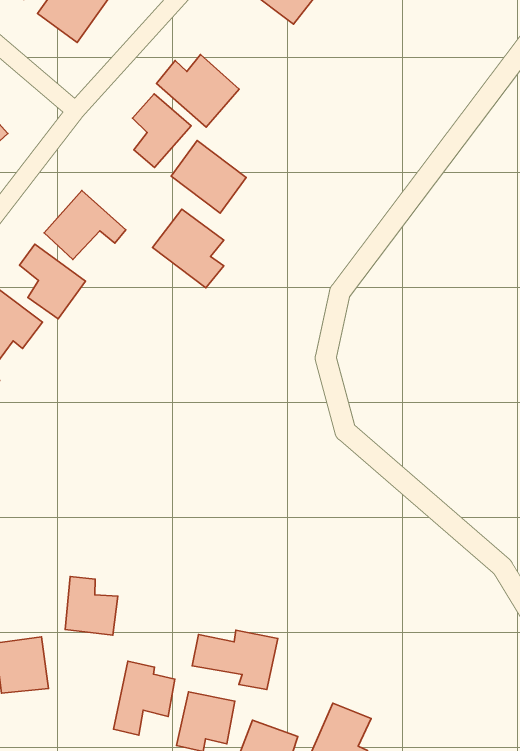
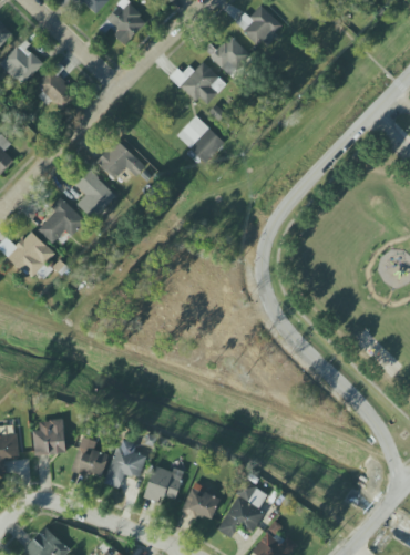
building: none -> [211,35,249,75]
building: [132,94,191,167] -> none
building: [152,209,224,288] -> none
building: [65,577,118,635] -> [73,438,109,477]
building: [192,630,278,689] -> none

